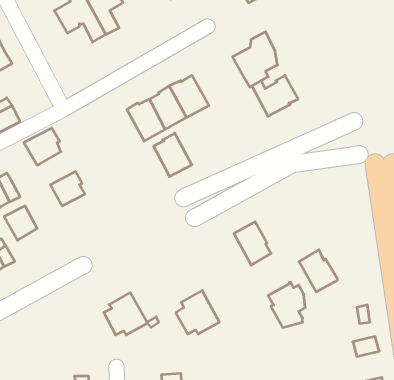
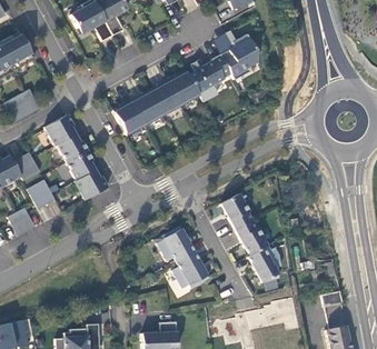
building: [252,75,298,116] -> [192,54,231,89]
building: [154,133,192,177] -> [113,99,146,136]
building: none -> [58,134,88,162]
building: none -> [75,170,108,200]
building: [299,250,337,292] -> [236,220,268,256]
building: [104,293,147,335] -> [158,226,195,261]

